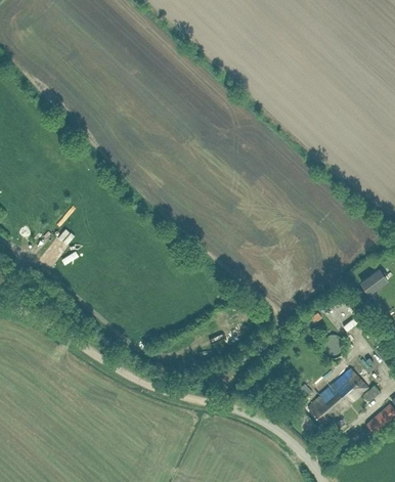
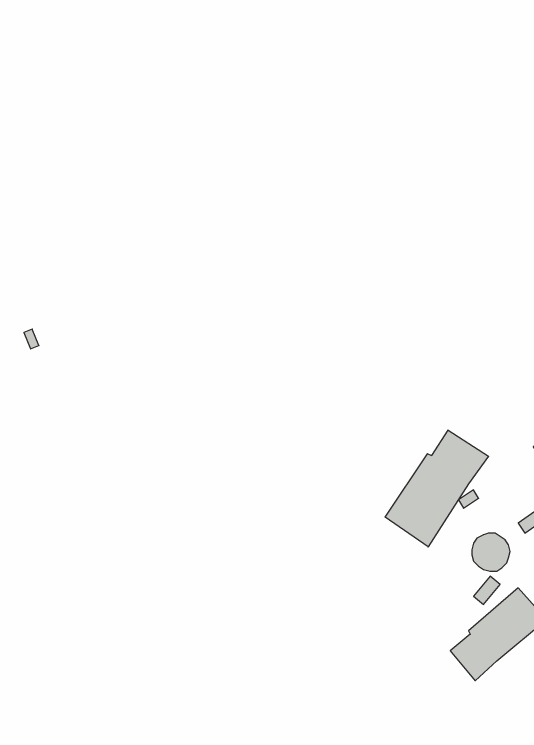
building: none -> [385,430,489,547]

